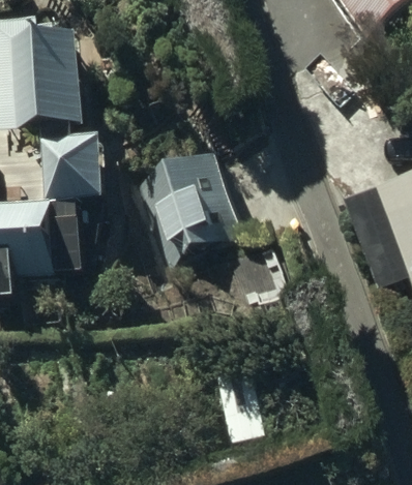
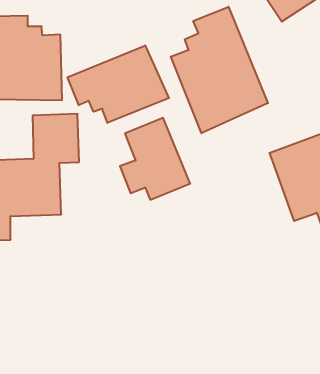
building: none -> [171,7,268,133]
building: none -> [68,45,169,123]

